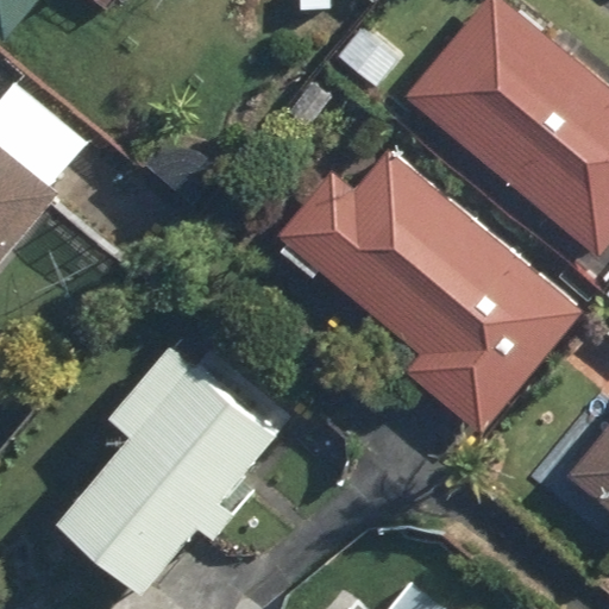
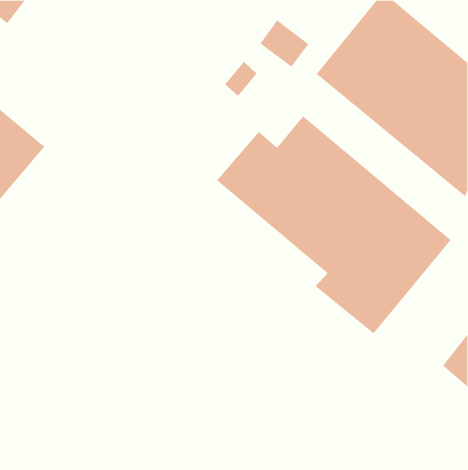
building: [62,363,276,591] -> none

